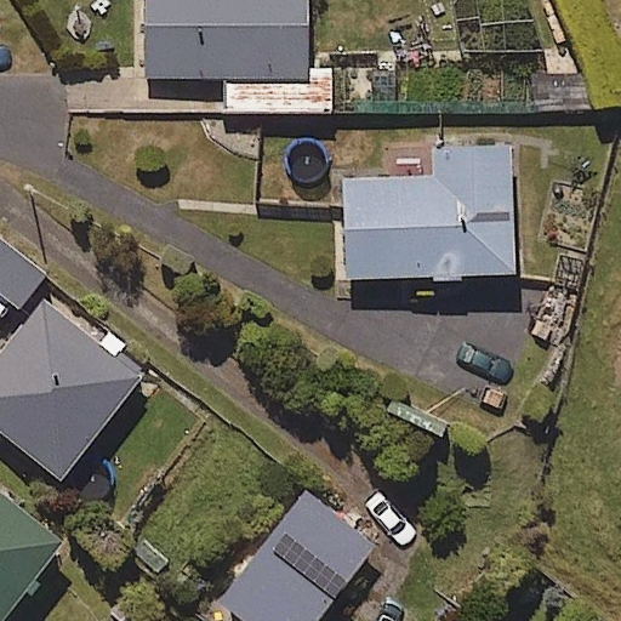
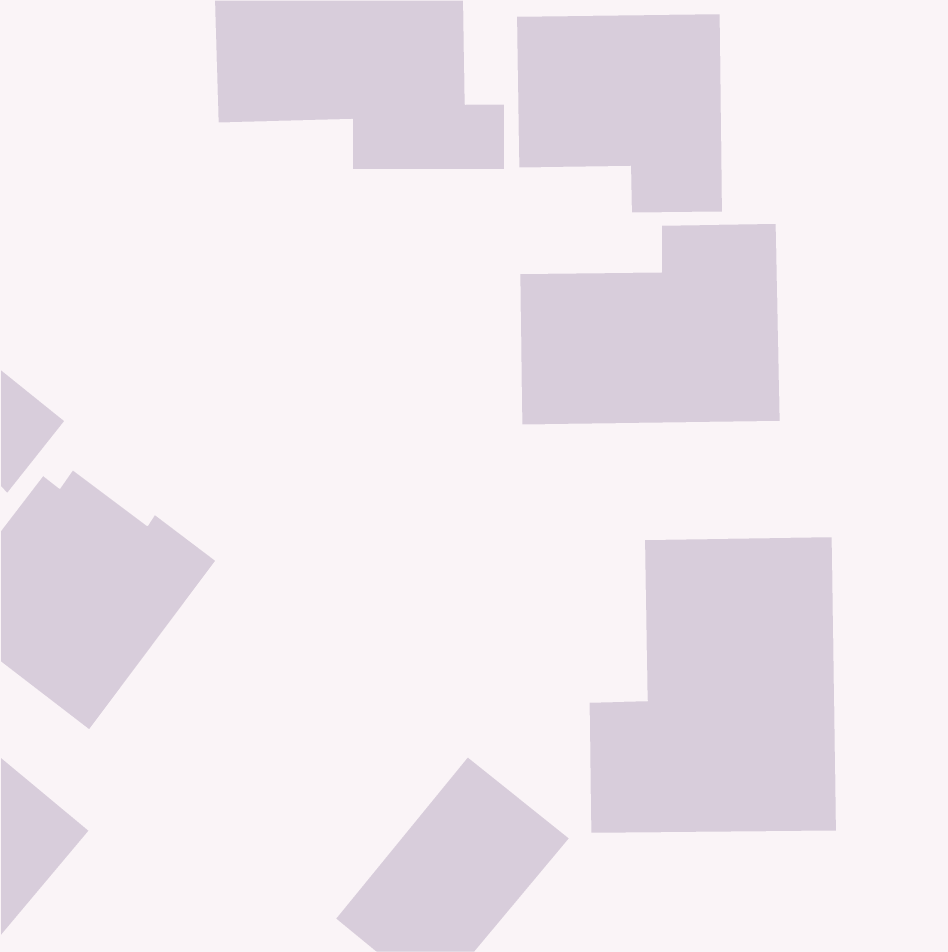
building: none -> [517,13,722,213]
building: none -> [589,537,837,834]

